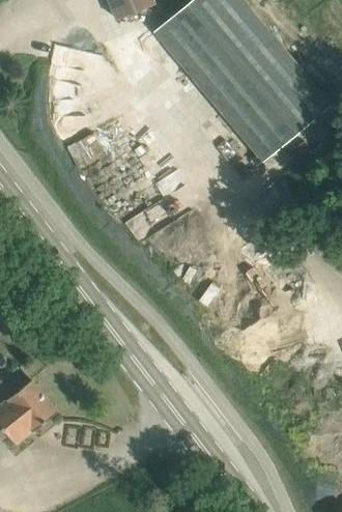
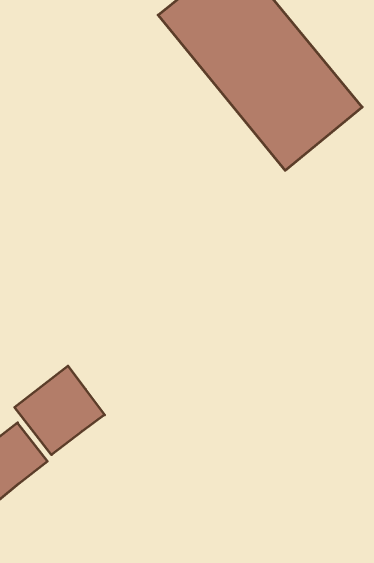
building: none -> [15,366,105,455]

